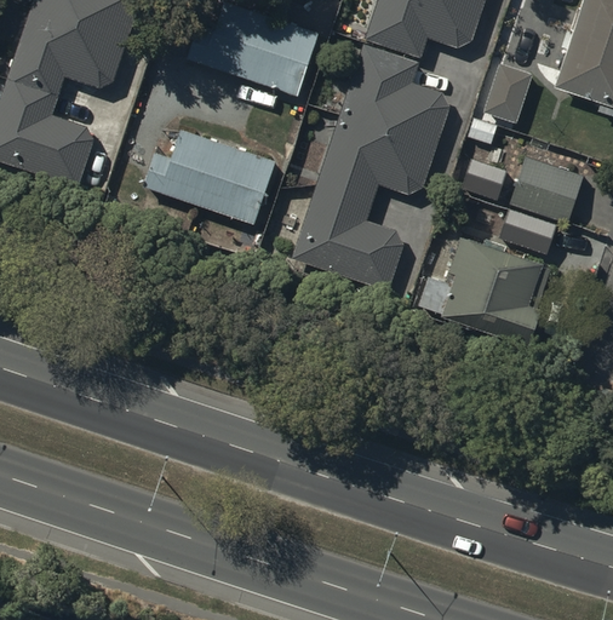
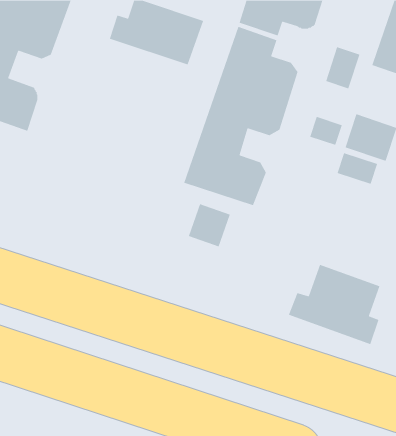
building: [143,127,274,224] -> none
building: [418,231,545,343] -> [288,264,381,345]
building: none -> [188,203,231,247]

